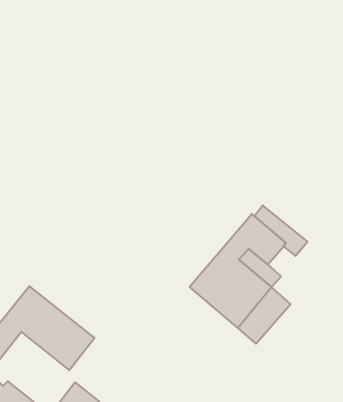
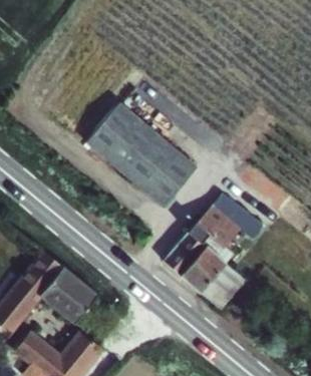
building: none -> [82,100,188,200]

